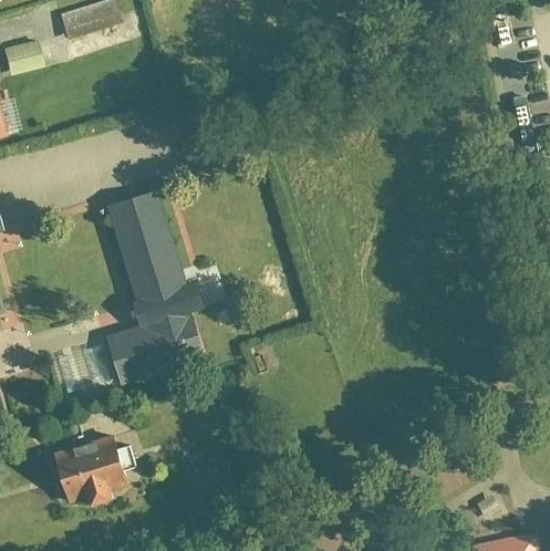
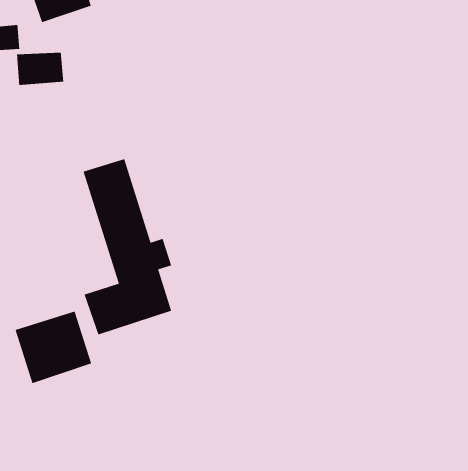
building: none -> [16,52,64,86]
building: [50,436,135,517] -> [15,311,92,384]

